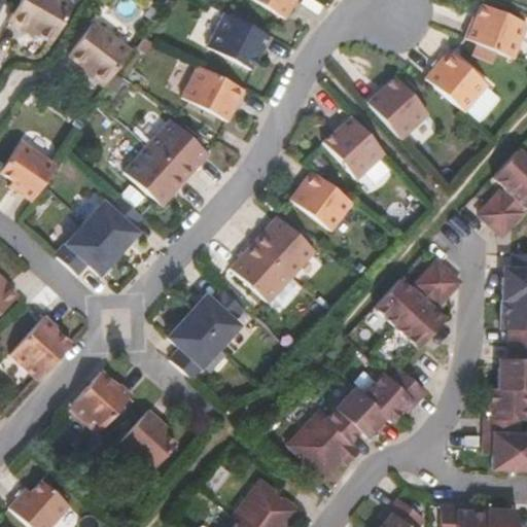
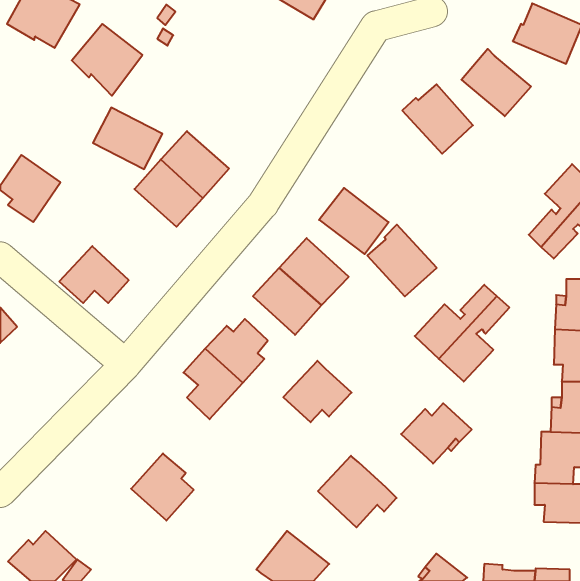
building: [207,11,272,69] -> none
building: [182,65,245,120] -> [93,108,162,169]
building: [323,113,386,178] -> [367,225,437,296]
building: [85,196,142,253] -> none
building: [10,315,72,380] -> none
building: [69,371,133,433] -> none
building: [326,385,388,441] -> [283,361,352,422]

